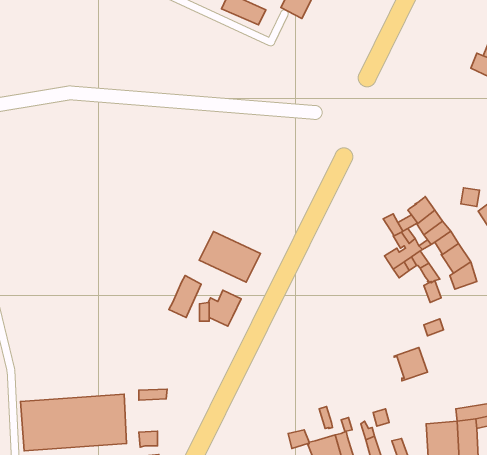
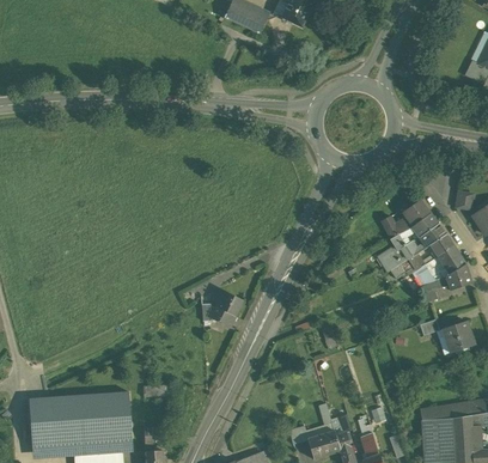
building: [199,231,261,282] -> none
building: [169,276,201,318] -> none
building: [394,347,428,381] -> [443,321,475,353]

